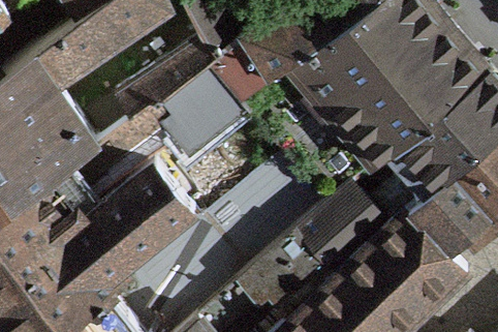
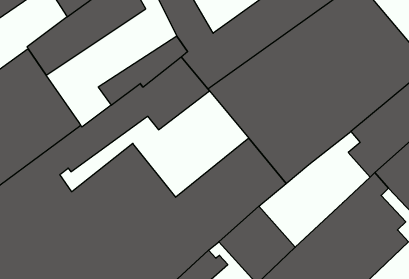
building: [300,189,395,283] -> none

